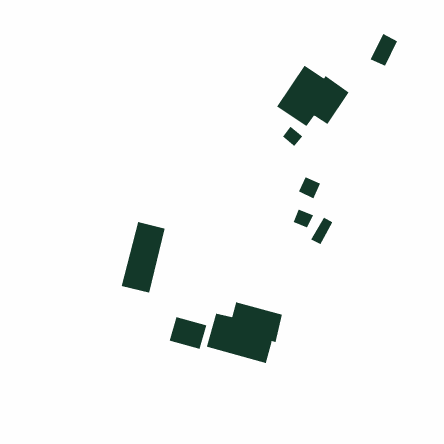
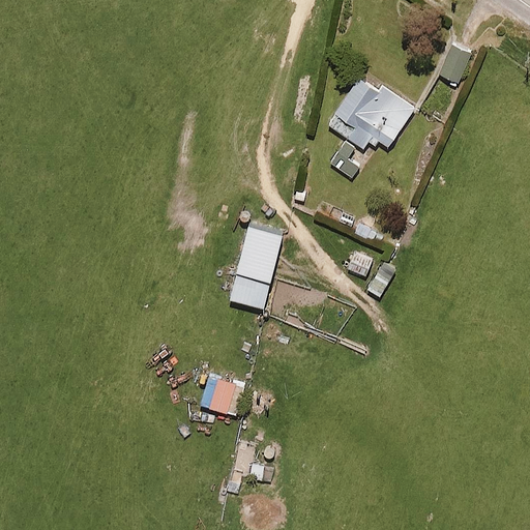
building: [121,221,166,293] -> [230,218,283,303]
building: [206,302,282,364] -> none

